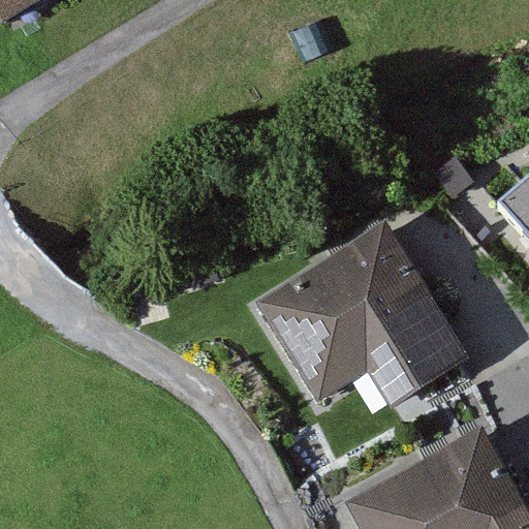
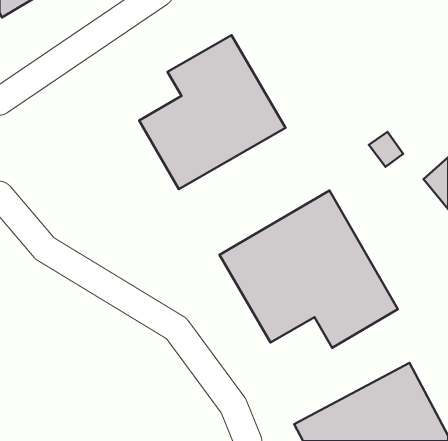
building: none -> [139,35,285,189]

